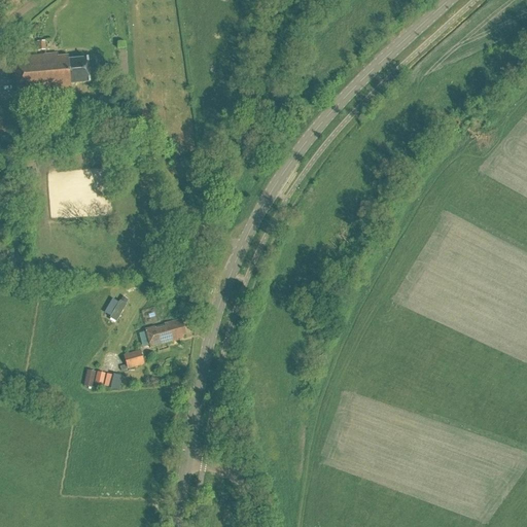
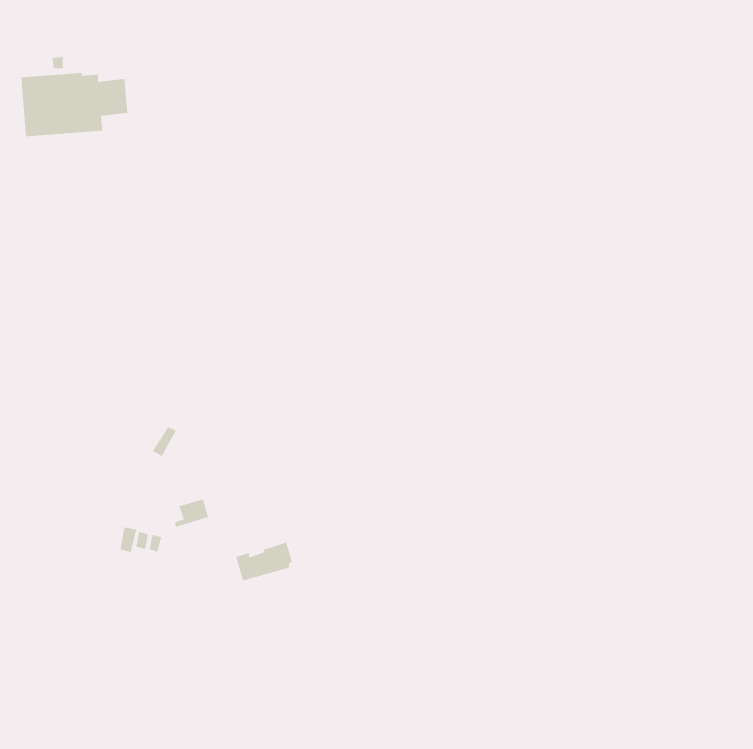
building: [146,317,186,345] -> [235,542,293,581]

